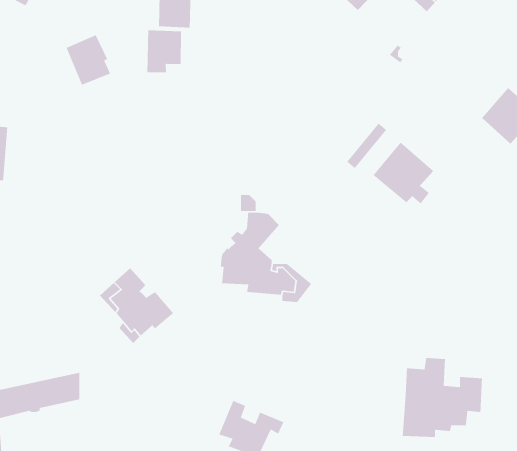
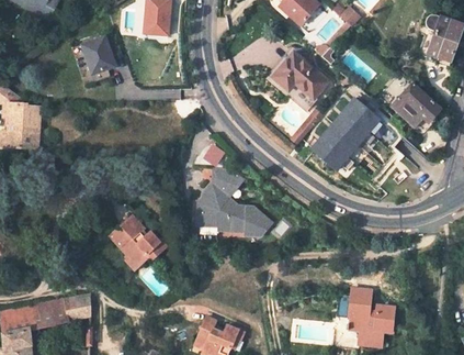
building: [147,29,182,73] -> none
building: none -> [271,51,327,97]
building: none -> [331,96,380,143]

